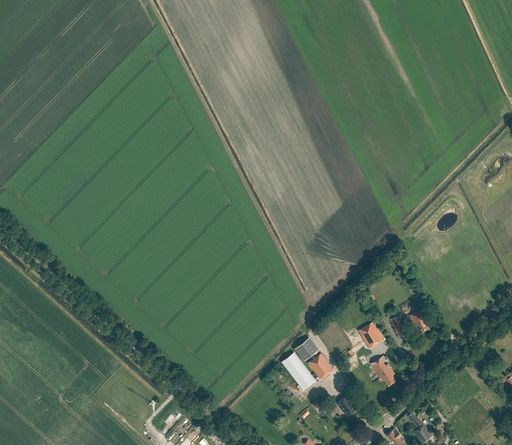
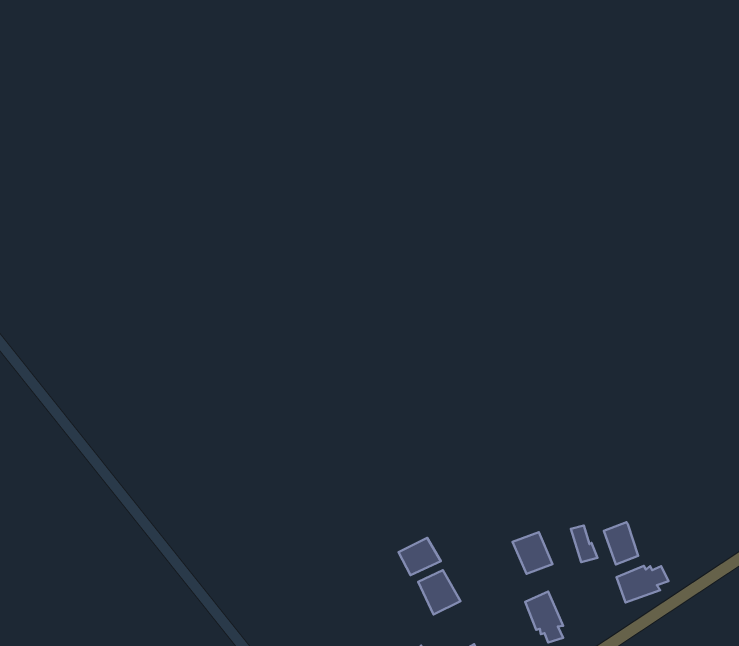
building: none -> [616,566,668,602]
building: [281,353,315,391] -> none

